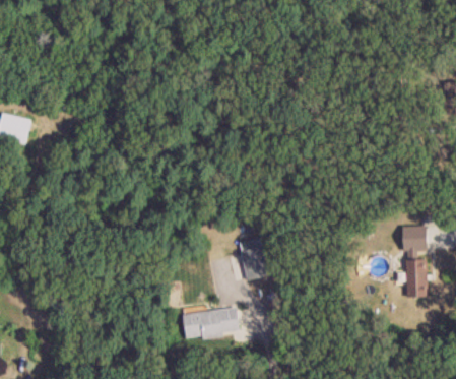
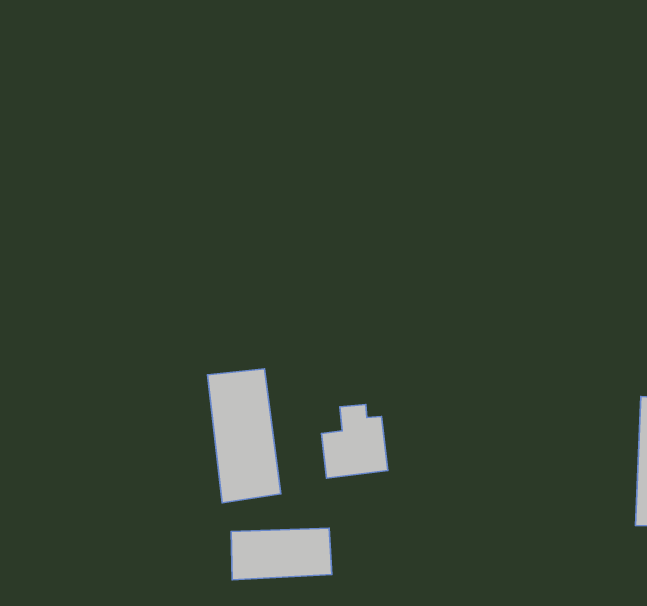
building: none -> [208,369,281,503]

